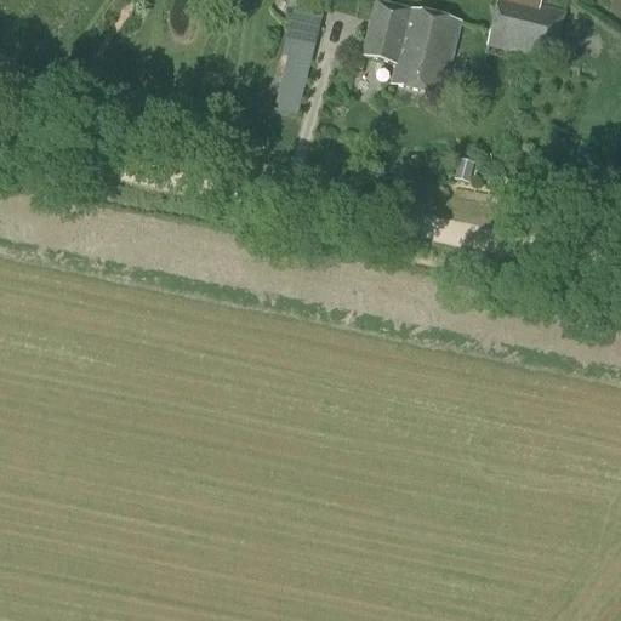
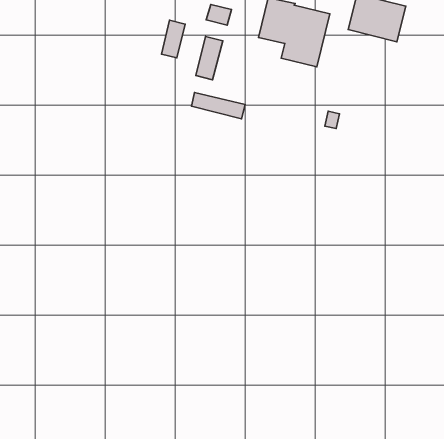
building: none -> [161,20,185,58]
building: none -> [191,93,245,119]

